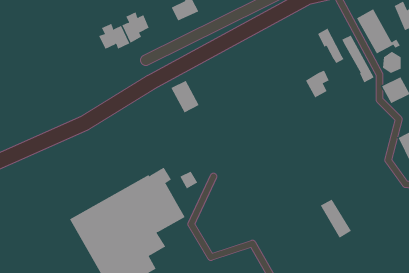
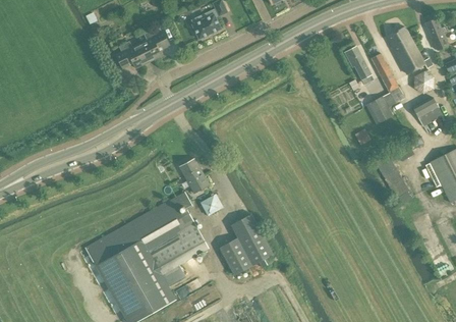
building: [305,70,329,98] -> [368,93,394,122]
building: [171,80,200,113] -> [179,158,210,193]
building: none -> [220,214,273,275]
building: [320,199,352,238] -> [375,155,408,197]

